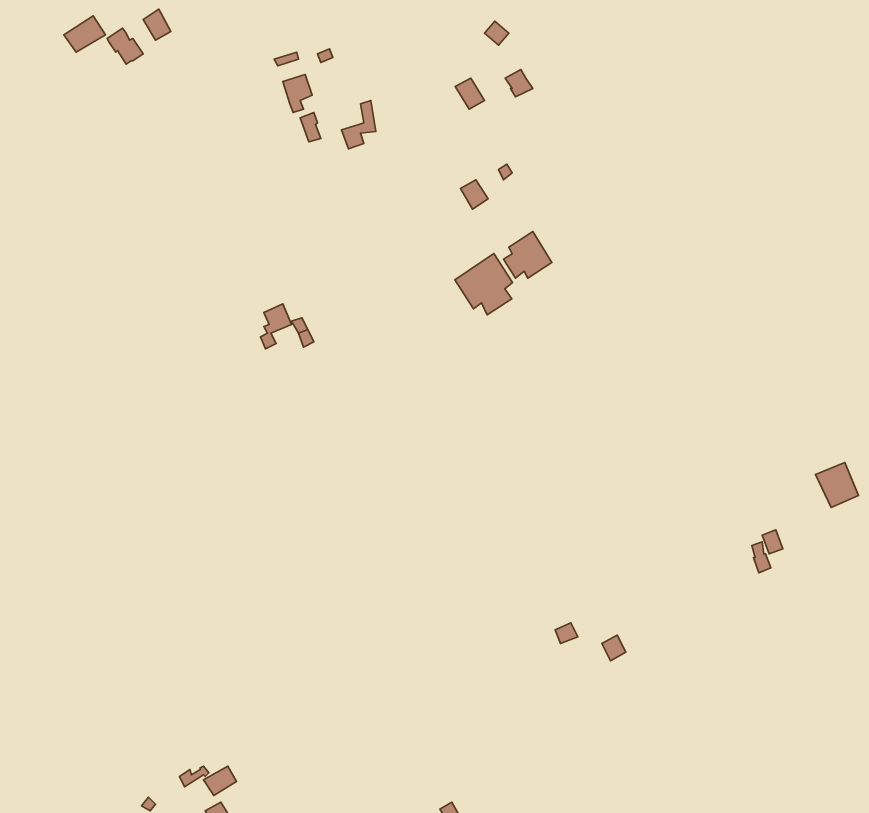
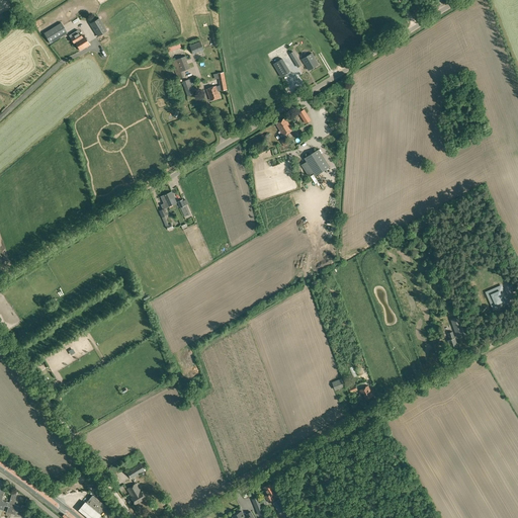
building: [455,253,513,315] -> none

